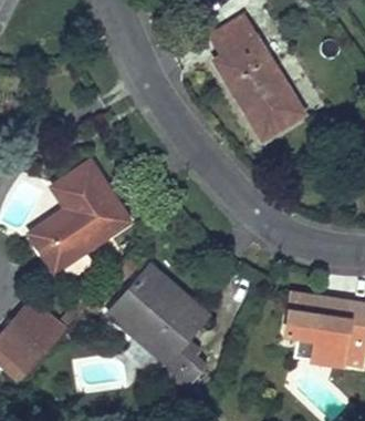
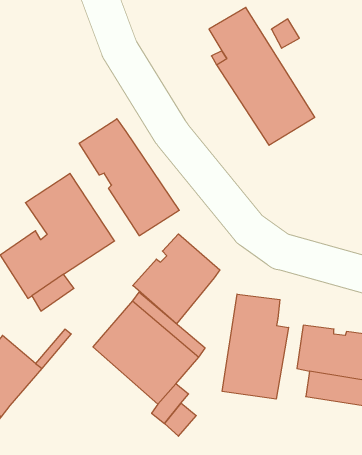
building: none -> [79,119,179,236]
building: none -> [133,234,220,324]
building: none -> [222,294,289,399]

